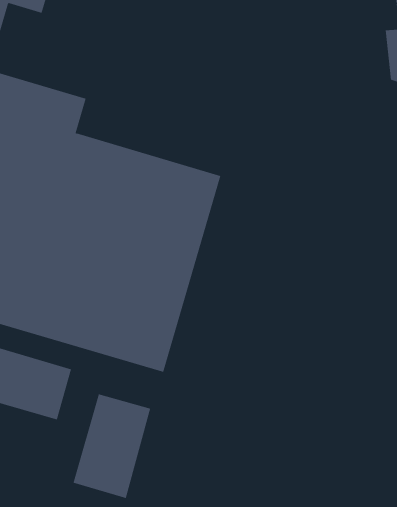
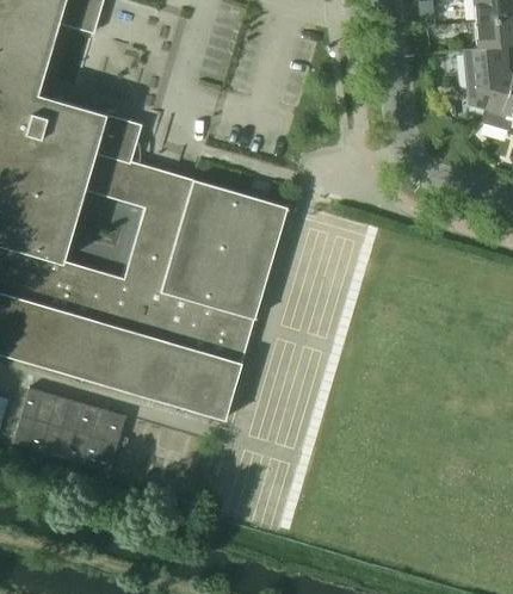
building: [73,393,151,499] -> none

